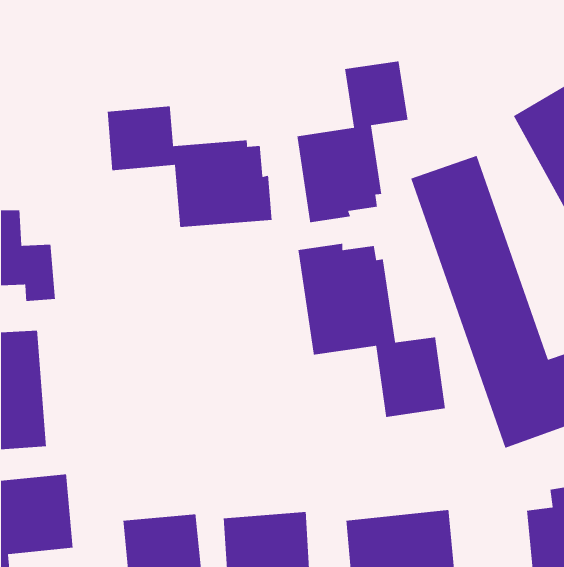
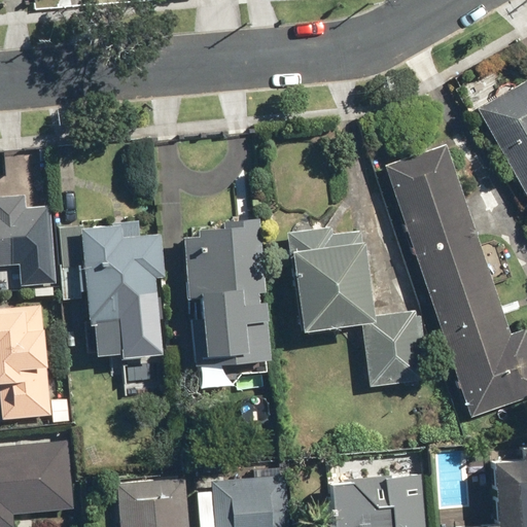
building: [297,61,408,223] -> none
building: [107,105,273,228] -> none
building: none -> [184,219,272,367]
building: none -> [82,223,166,358]

